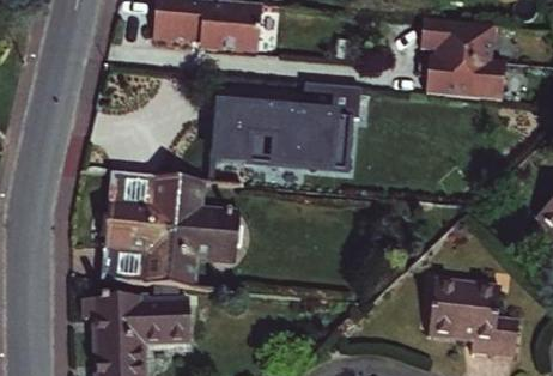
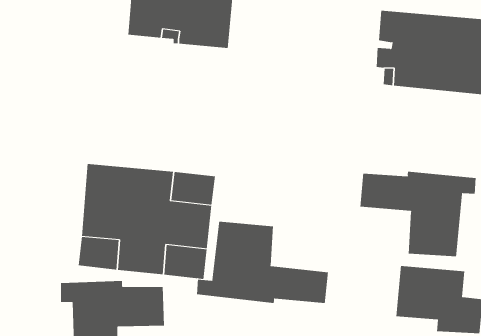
building: [213,81,359,168] -> none
building: none -> [360,171,476,257]
building: none -> [197,221,329,304]

